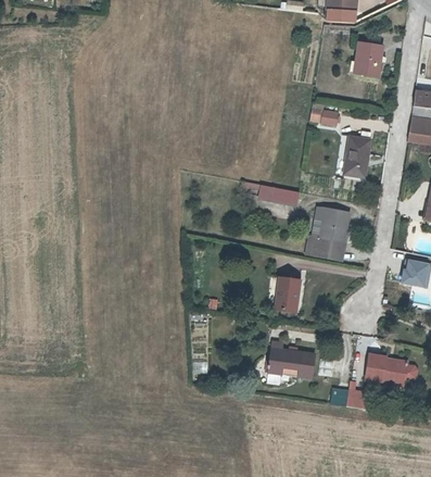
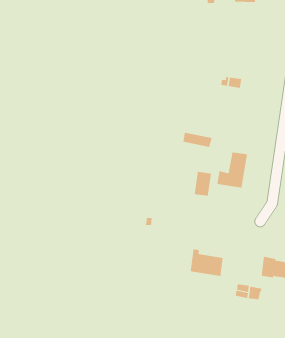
building: [355,41,384,76] -> none
building: [343,136,370,177] -> none
building: [275,276,299,310] -> [194,171,212,196]

